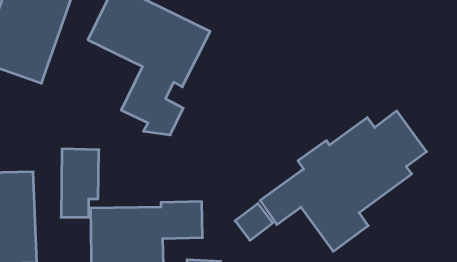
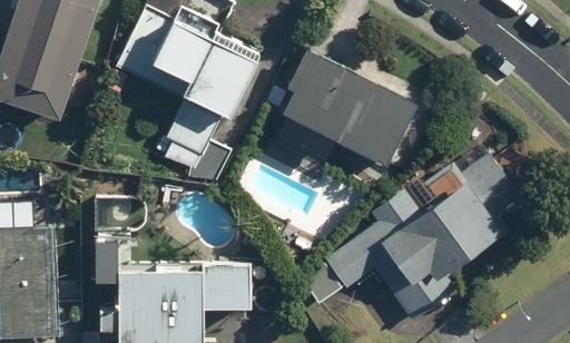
building: none -> [282,48,419,165]

